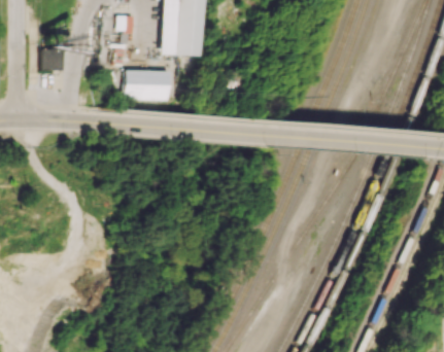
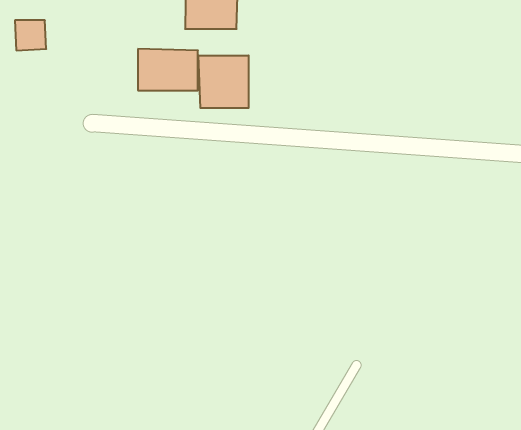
building: none -> [199,55,249,108]

